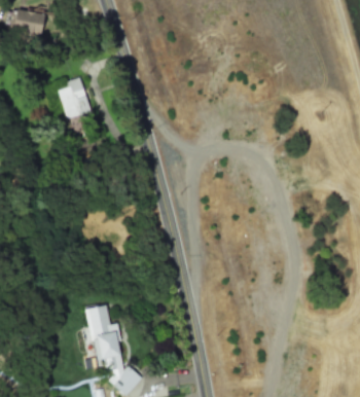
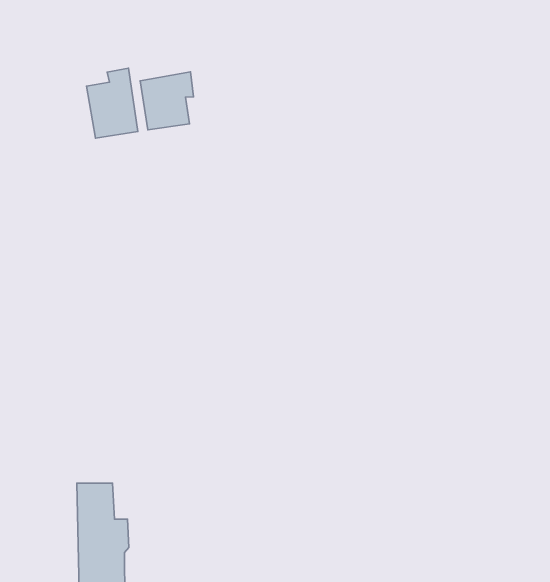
building: none -> [140,72,194,130]

